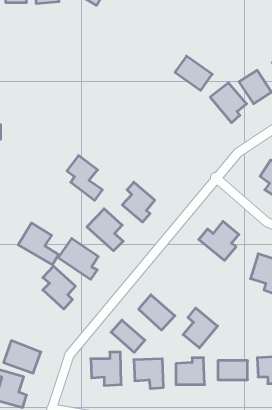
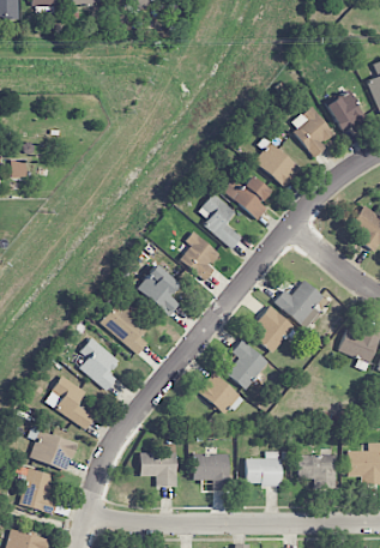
building: [175,56,212,90] -> [254,144,301,187]
building: none -> [223,176,270,221]
building: [67,156,102,200] -> [198,193,242,249]
building: [18,223,58,265] -> [44,377,95,429]
building: none -> [255,306,296,354]
building: [183,308,218,348] -> [227,341,270,391]
building: [111,320,145,352] -> none

